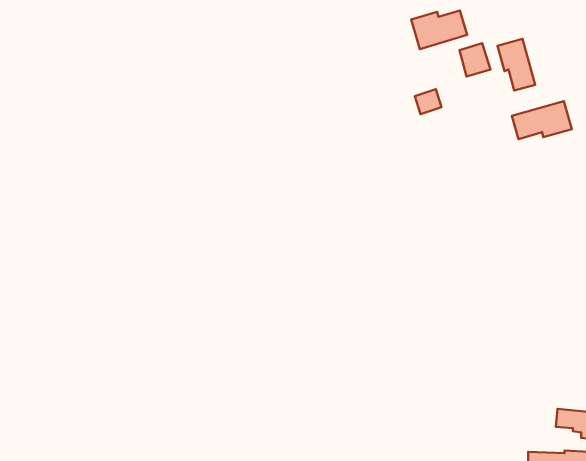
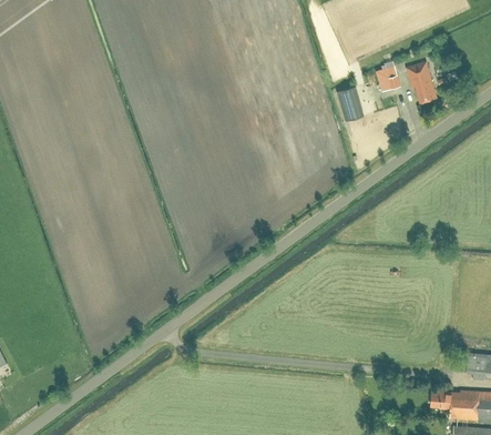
building: [411,10,467,49] -> none
building: [512,101,572,139] -> none

